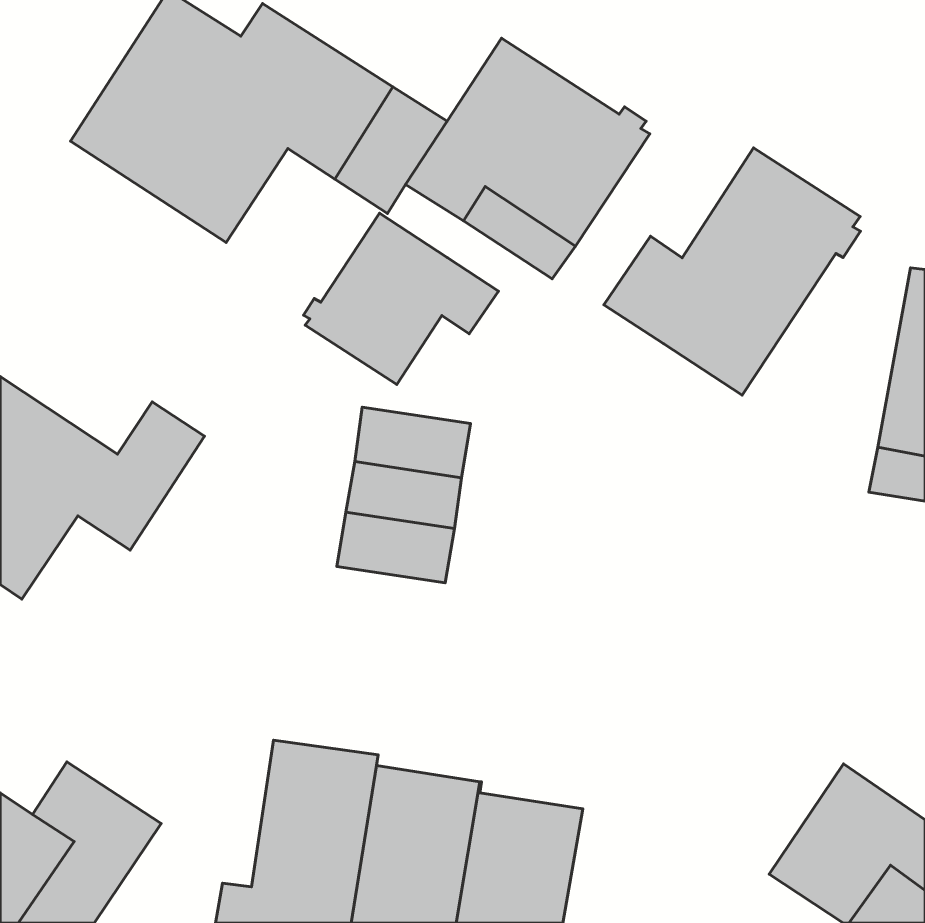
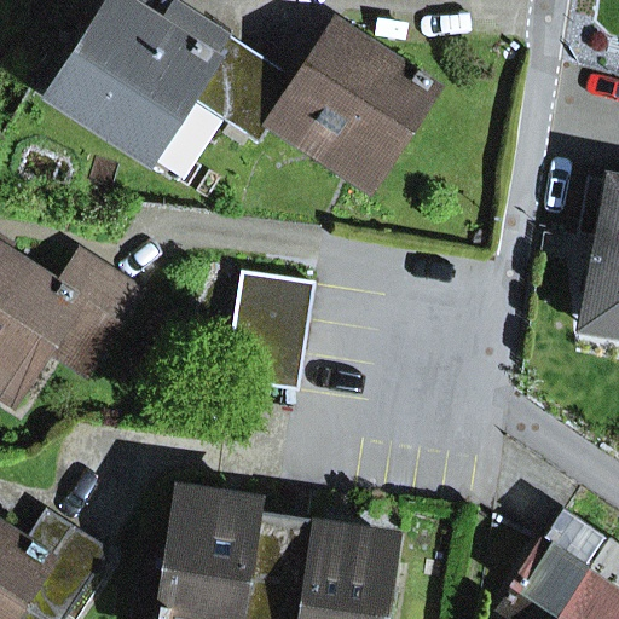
building: [604,148,860,395] -> none
building: [304,213,499,385] -> none

